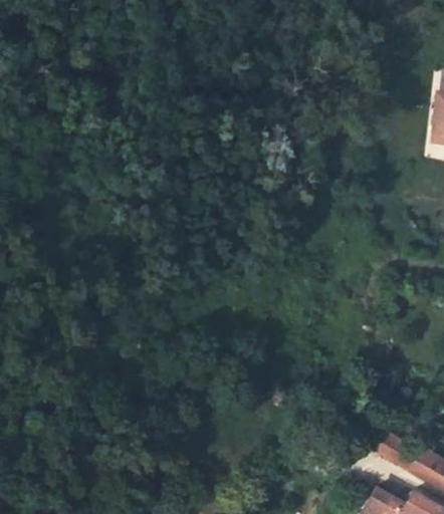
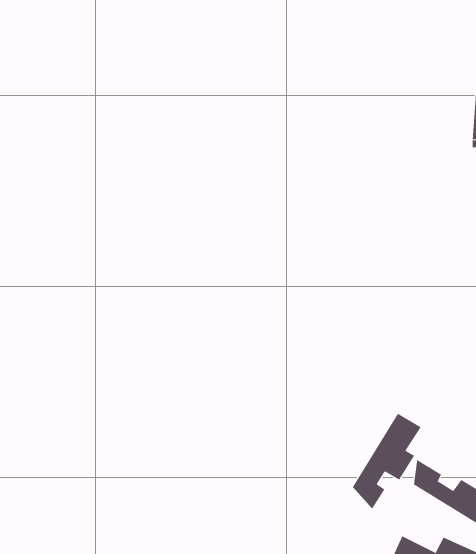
building: none -> [352,413,422,510]

